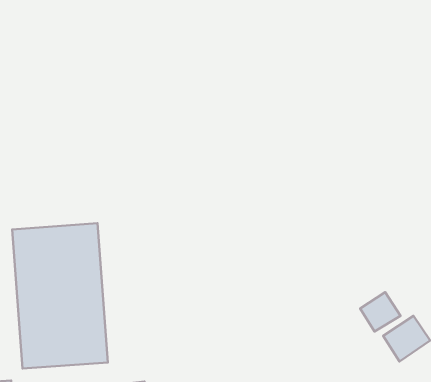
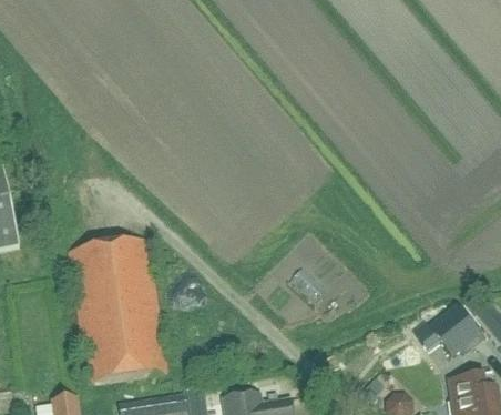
building: [360,292,400,331] -> none

